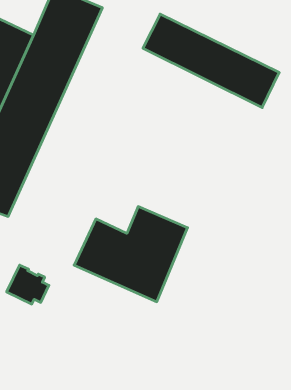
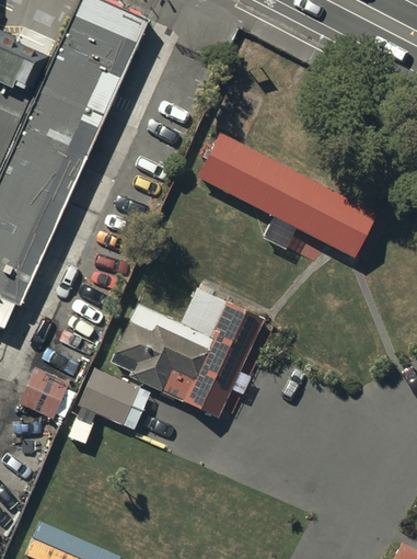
building: [143,14,279,108] -> [194,132,378,258]
building: none -> [81,370,151,431]

